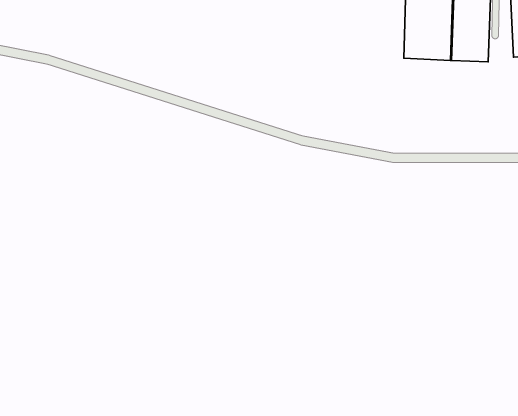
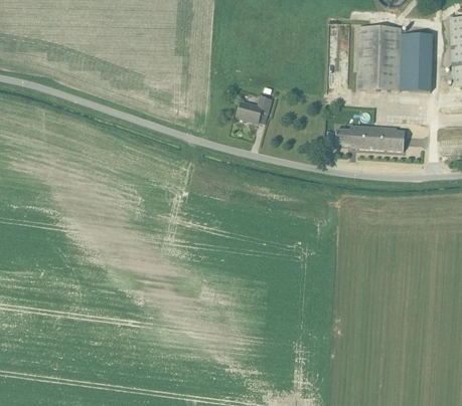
building: none -> [238,95,273,123]
building: none -> [335,126,405,151]

